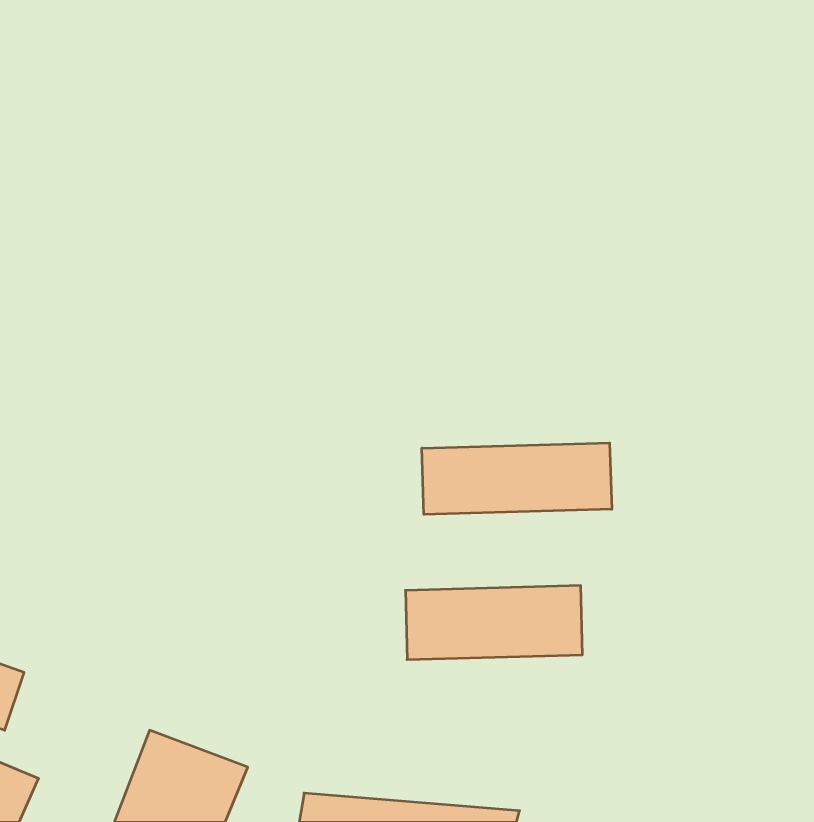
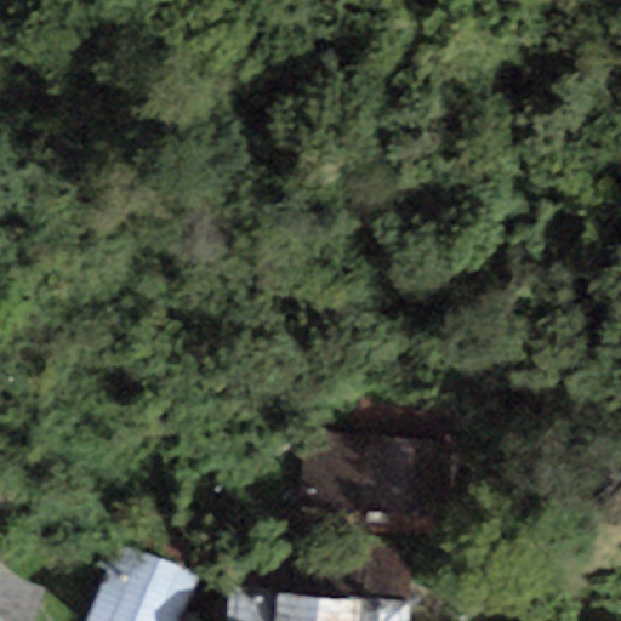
building: [422,443,612,514] -> none

